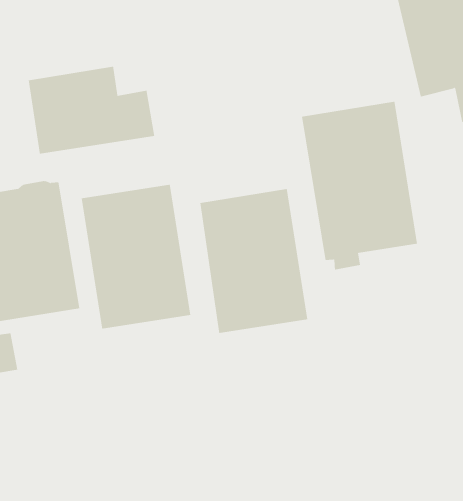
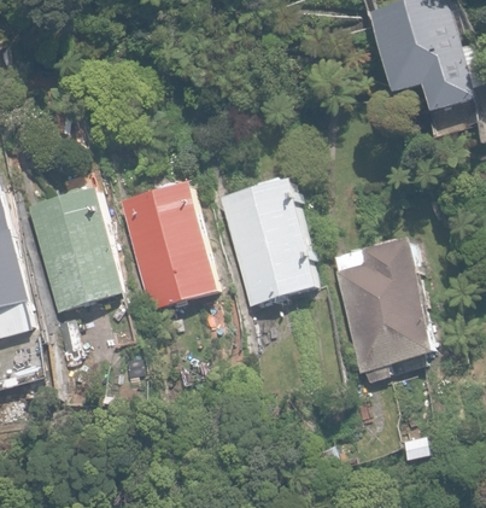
building: [28,66,155,155] -> none
building: [301,101,418,270] -> [330,235,437,380]

